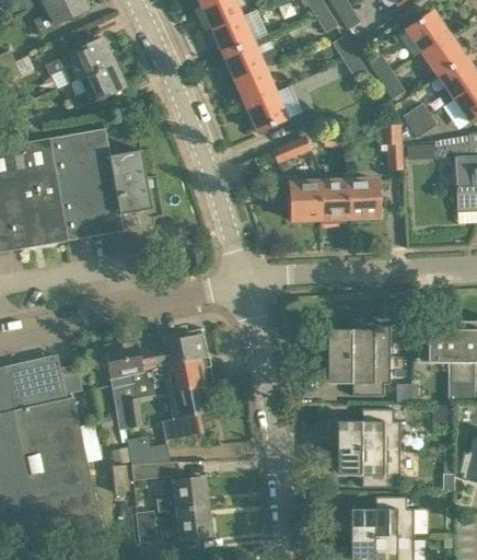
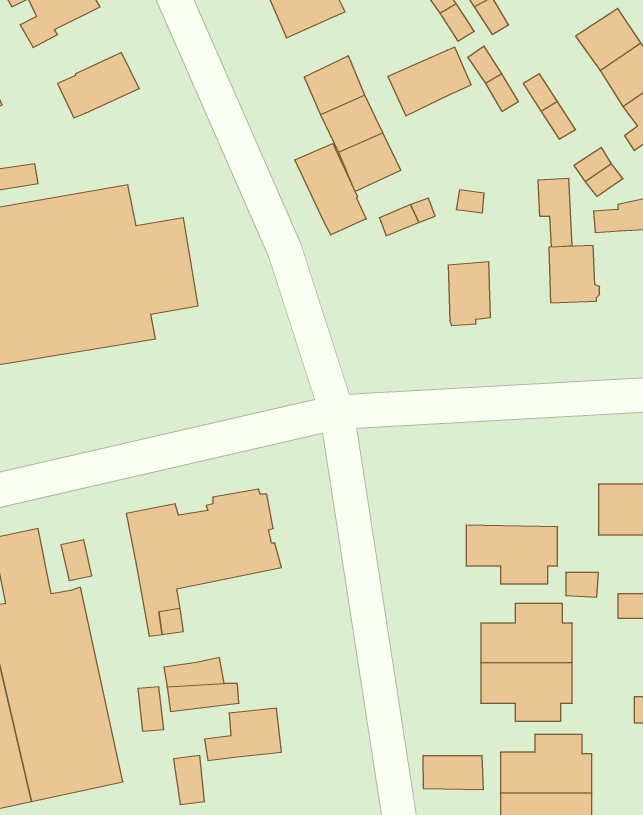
building: [210,10,266,56] -> [388,47,471,116]
building: [73,63,123,106] -> none
building: none -> [295,144,366,235]
building: [346,178,380,217] -> [549,246,600,303]
building: [288,182,319,219] -> none
building: [330,313,392,357] -> none
building: [161,384,210,441] -> none
building: [175,508,210,538] -> none
building: none -> [423,755,483,790]

